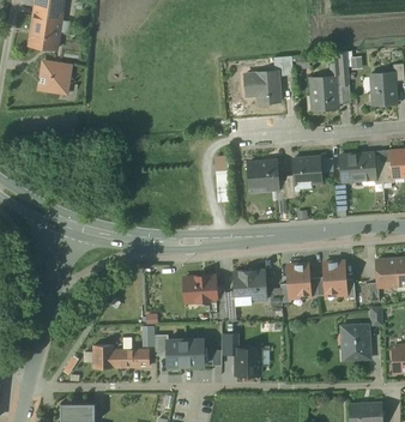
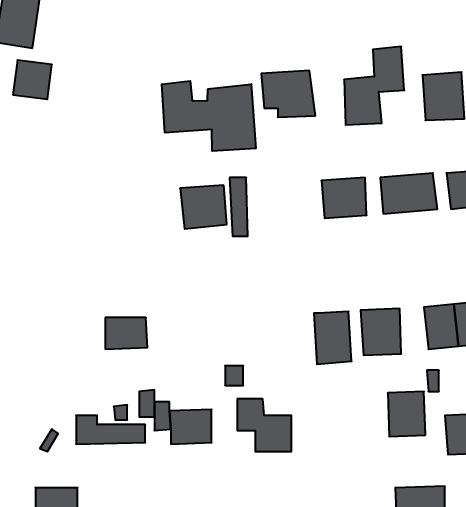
building: none -> [162,81,256,151]
building: [243,157,280,192] -> [180,185,227,229]
building: [228,267,268,301] -> none
building: [182,275,216,300] -> [105,318,147,349]

